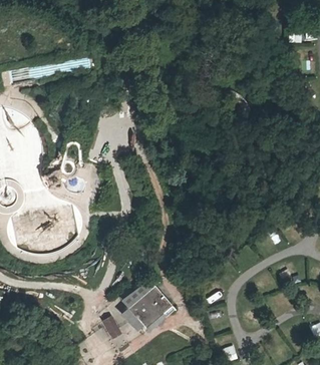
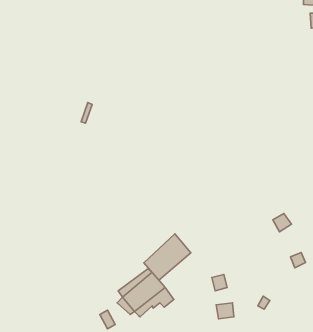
building: none -> [144,234,191,280]

